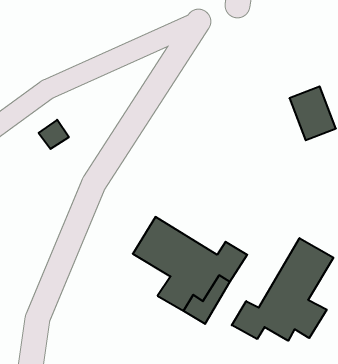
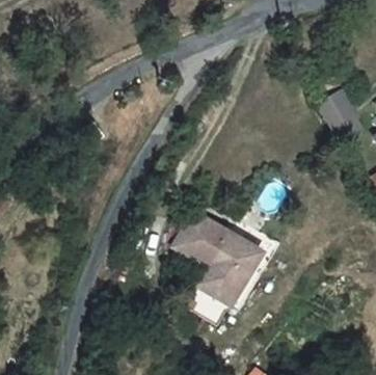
building: [232,238,333,341] -> none

